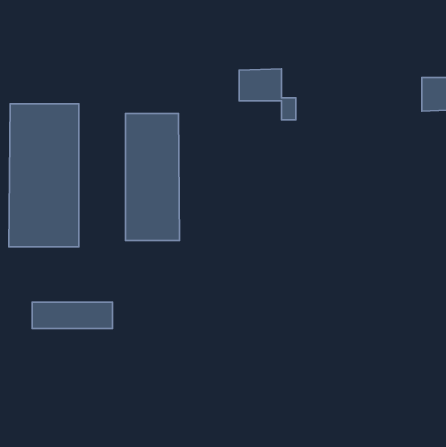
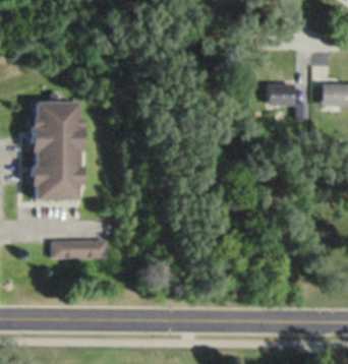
building: [239,69,296,120] -> [267,82,306,118]
building: [125,114,180,241] -> none

